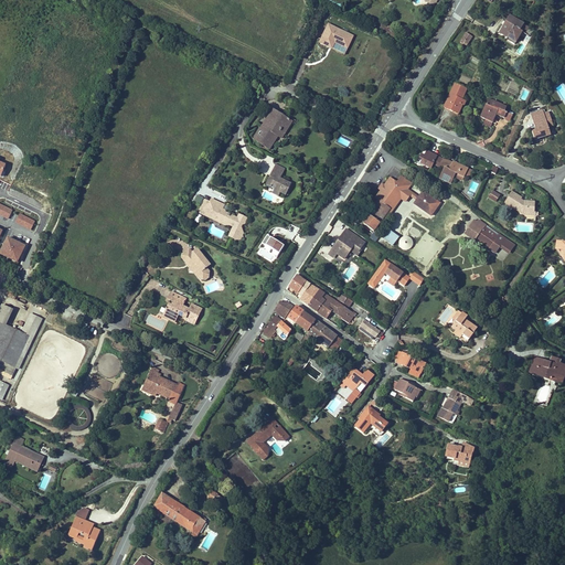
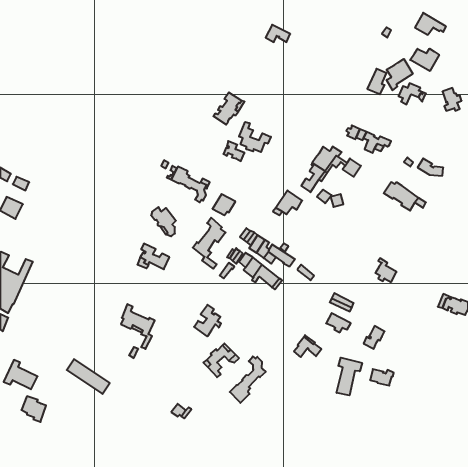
building: none -> [410,49,439,71]
building: none -> [387,59,413,90]
building: none -> [239,122,271,152]
building: [367,260,409,287] -> none
building: none -> [193,218,226,269]
building: none -> [194,305,221,336]
building: [339,369,372,401] -> none
building: none -> [230,356,266,403]
building: none -> [337,358,362,395]
building: [153,492,205,534] -> [67,359,110,394]
building: [68,516,98,547] -> [21,396,46,422]

